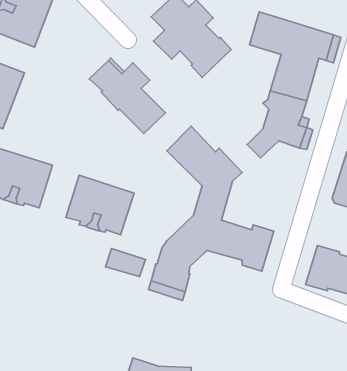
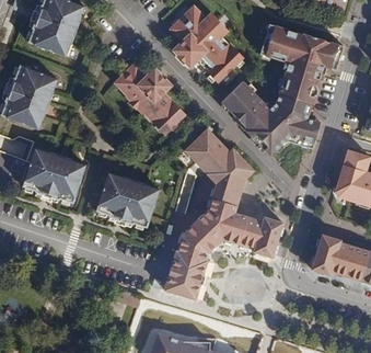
building: none -> [221,80,278,143]
building: [106,248,146,276] -> [164,273,200,298]

